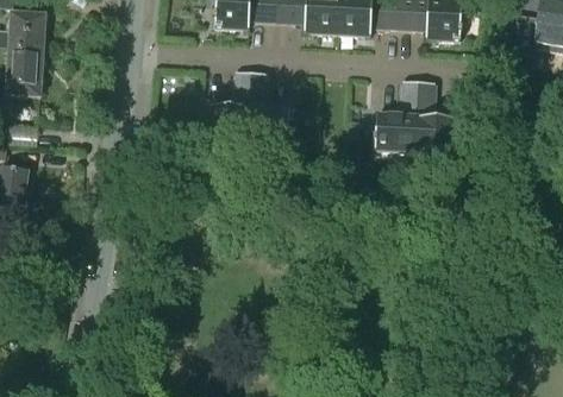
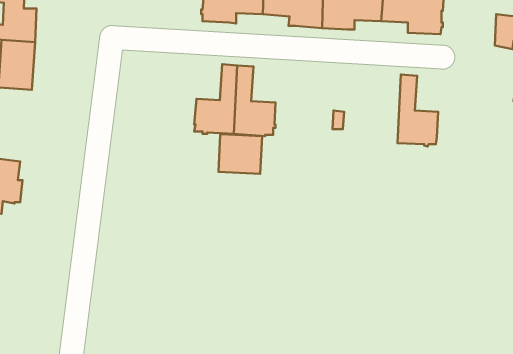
building: [374,80,419,151] -> none
building: none -> [218,133,262,174]

